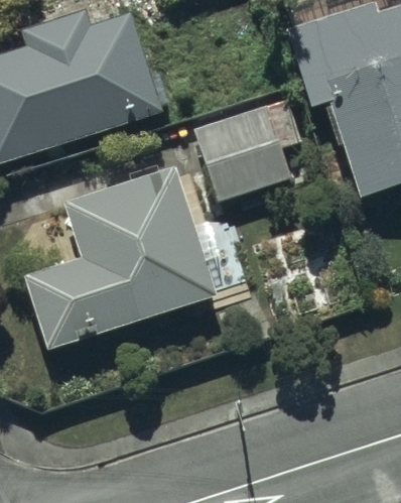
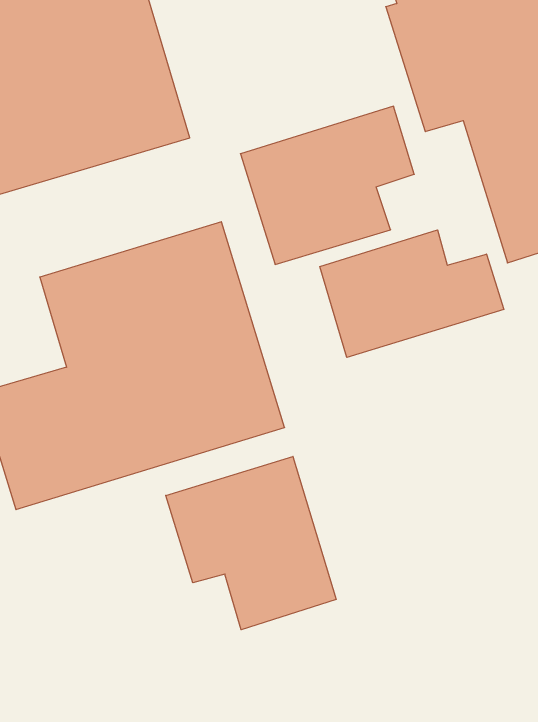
building: none -> [320,230,504,357]
building: none -> [166,456,336,630]

